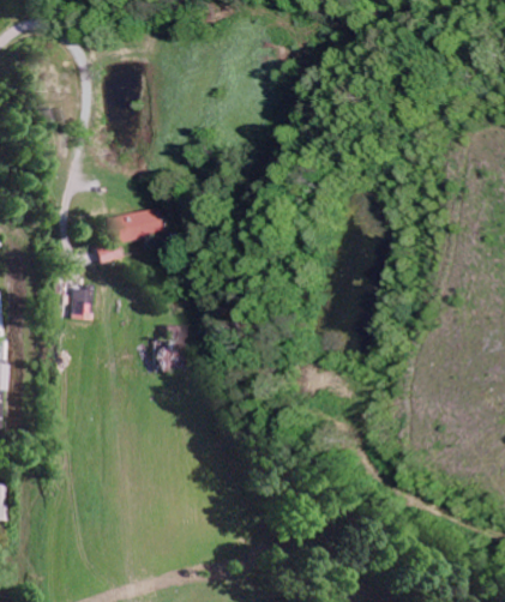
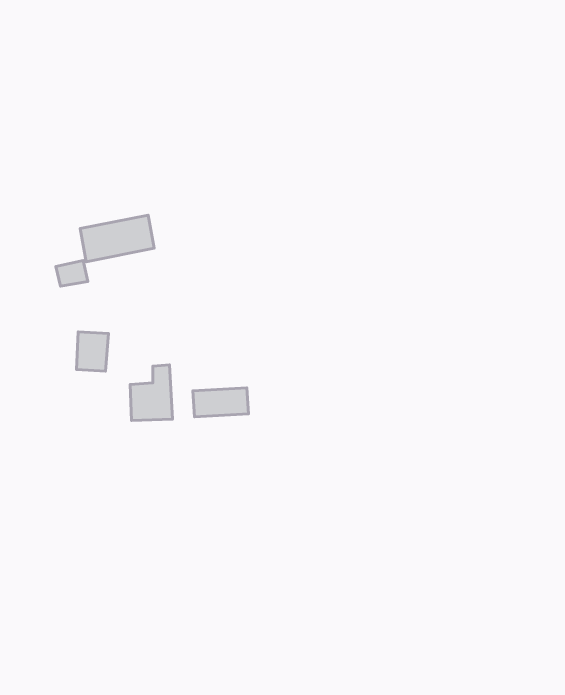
building: [71,288,96,319] -> [77,332,108,371]
building: none -> [193,388,249,417]

